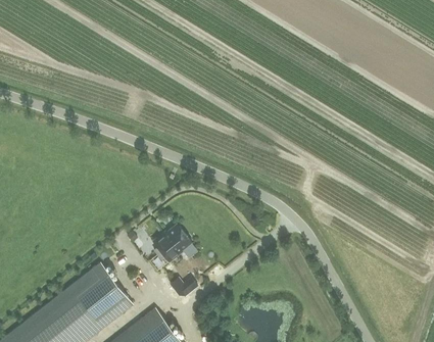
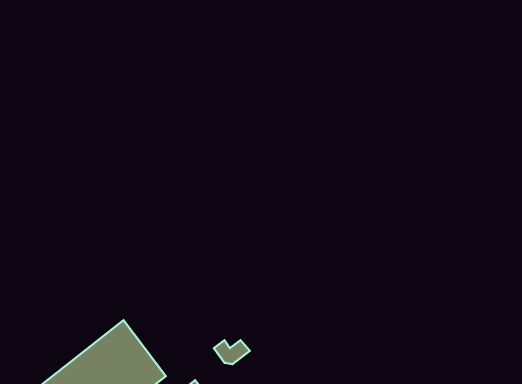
building: [152,225,190,261] -> none

